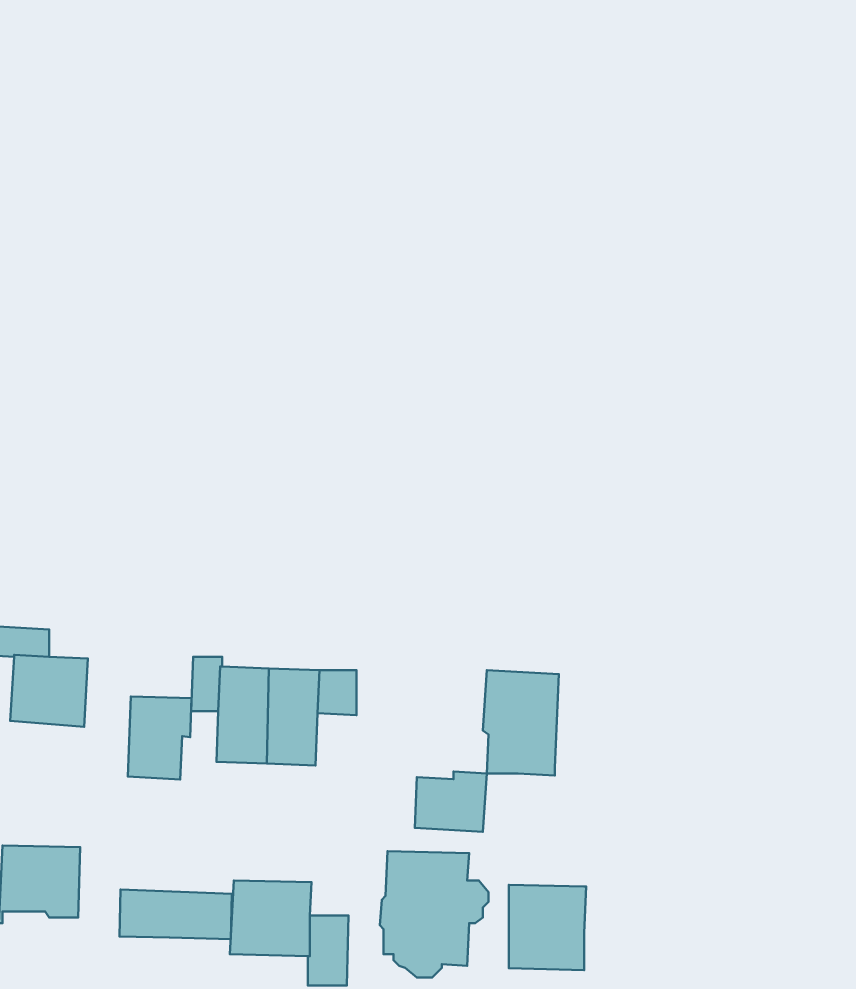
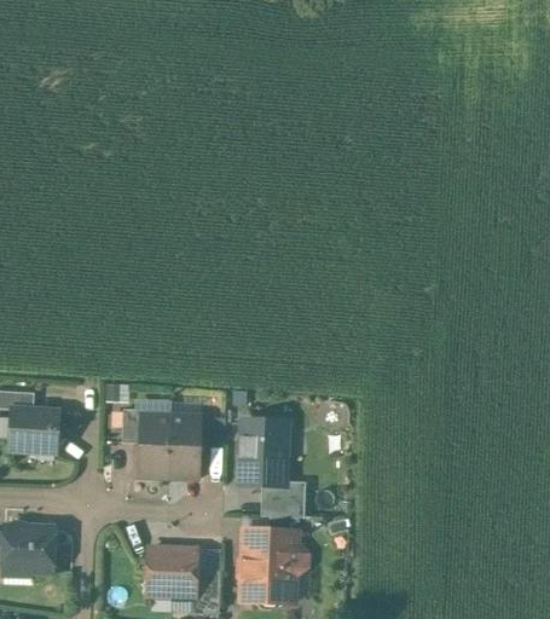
building: [483,670,559,775] -> [239,420,286,485]
building: [128,697,192,780] -> none
building: [509,885,586,970] -> none
building: [119,889,232,939] -> none

